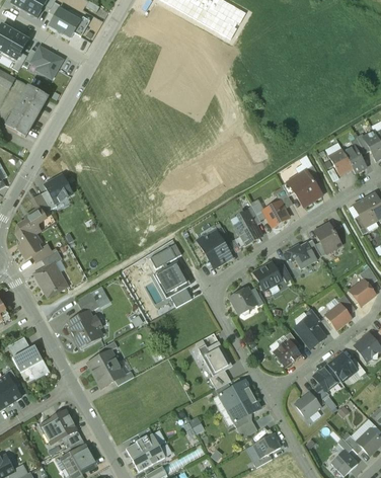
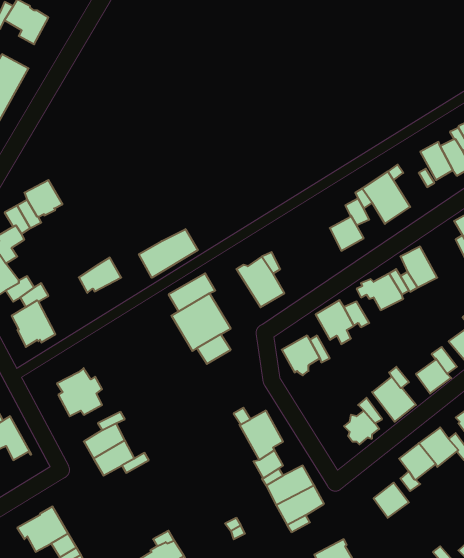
building: [231,205,260,247] -> none
building: none -> [139,229,198,278]
building: [77,288,107,313] -> [79,258,121,293]

